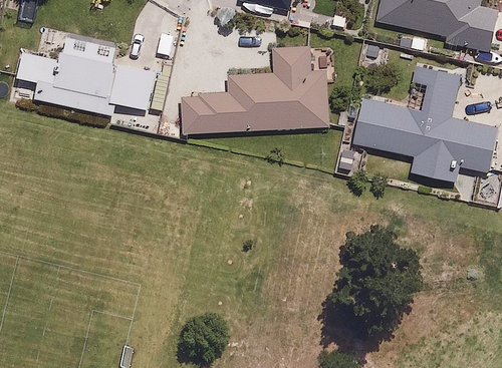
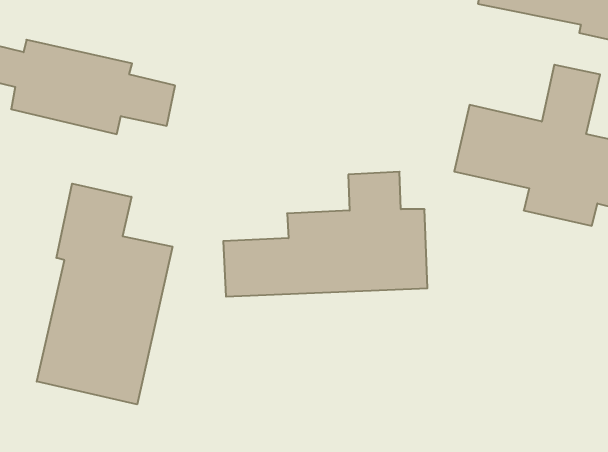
building: [180,44,327,134] -> [223,172,427,297]
building: none -> [37,184,172,404]

